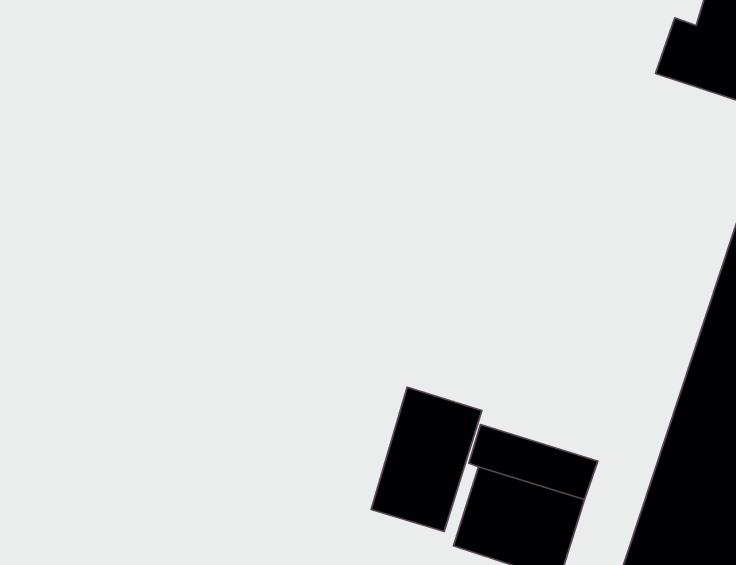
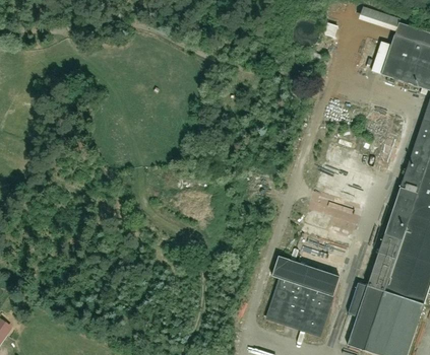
building: [371,387,482,532] -> none

